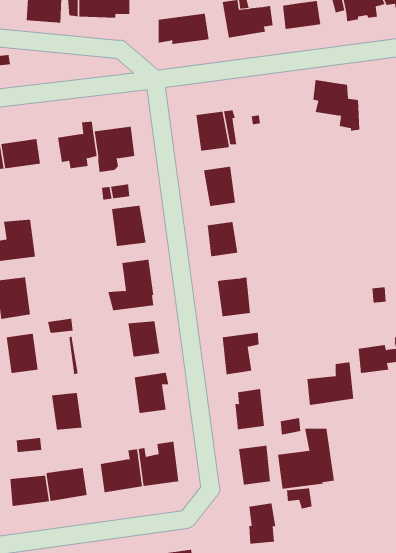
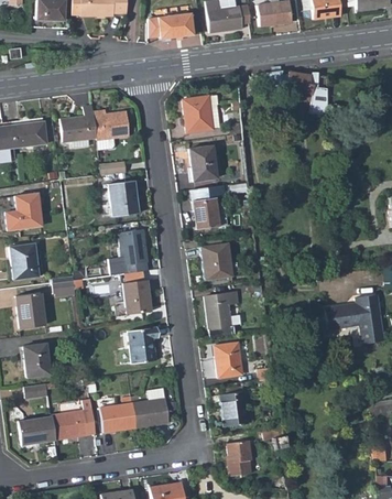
building: [307,361,354,406] -> none
building: [51,393,83,430] -> [23,344,51,377]
building: [278,428,334,490] -> none

